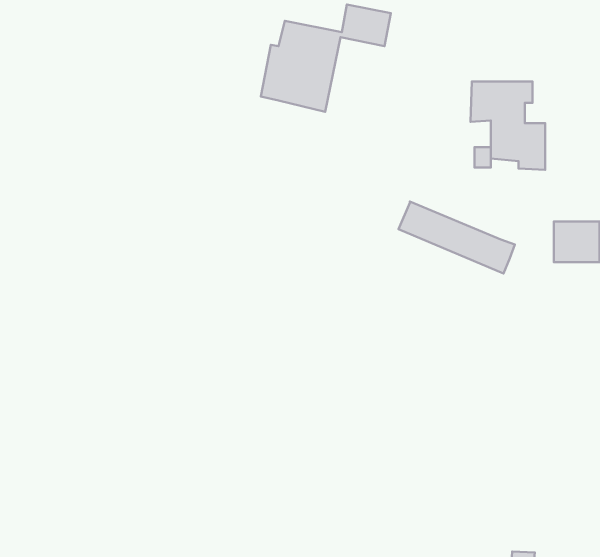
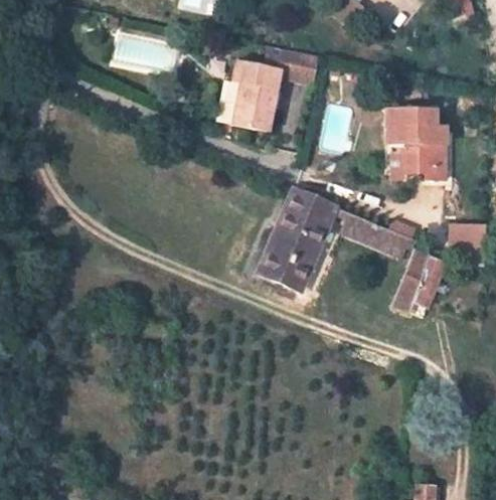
building: none -> [259,189,336,290]
building: none -> [401,251,445,306]

